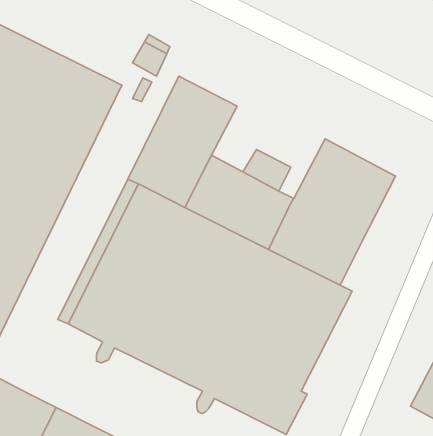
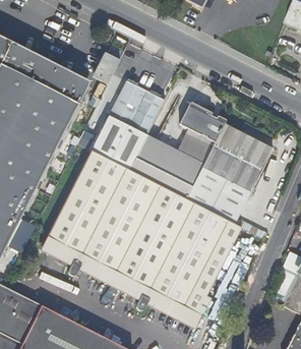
building: none -> [178,101,225,141]

